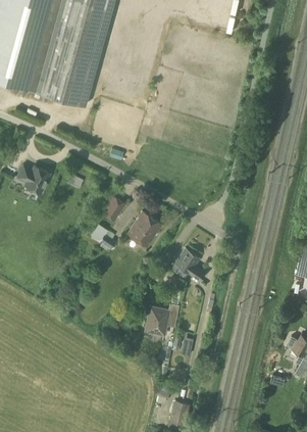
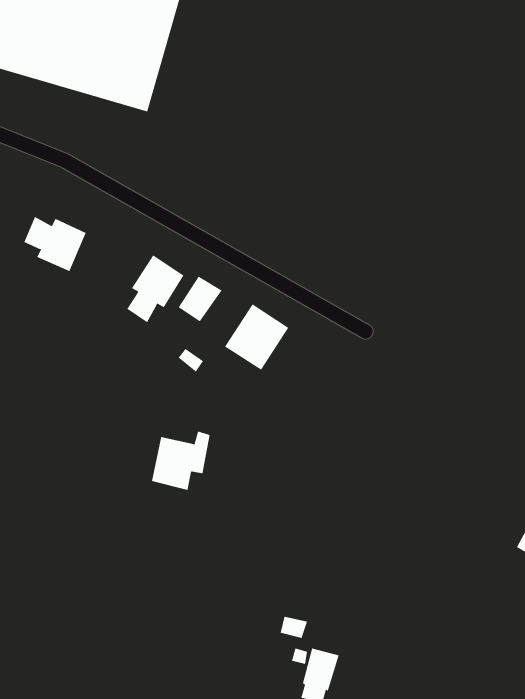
building: none -> [126,254,184,323]
building: [170,250,205,283] -> none
building: [145,304,177,337] -> [151,431,211,490]

